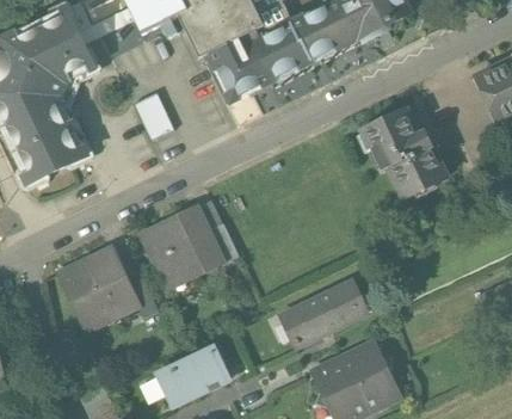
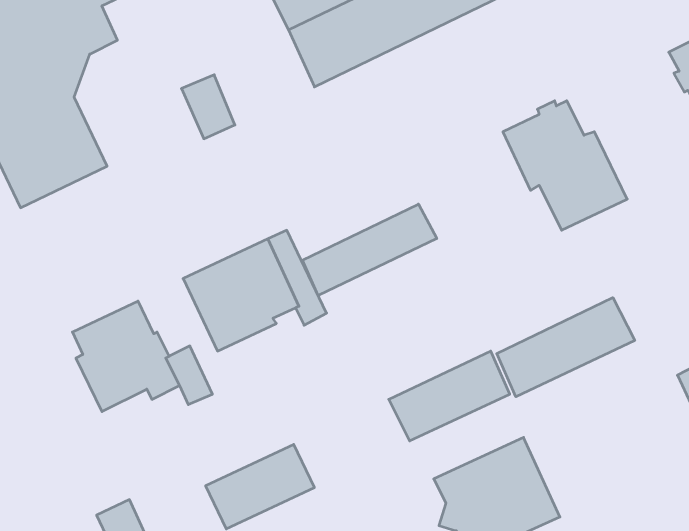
building: none -> [302,204,437,295]
building: none -> [497,298,635,397]

